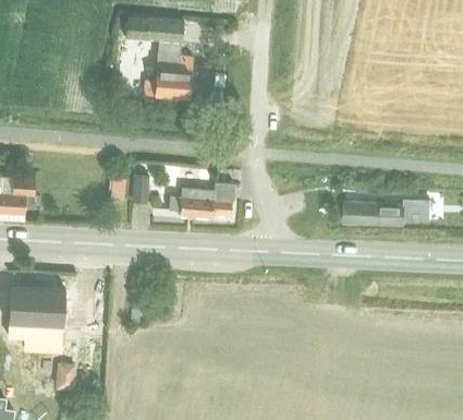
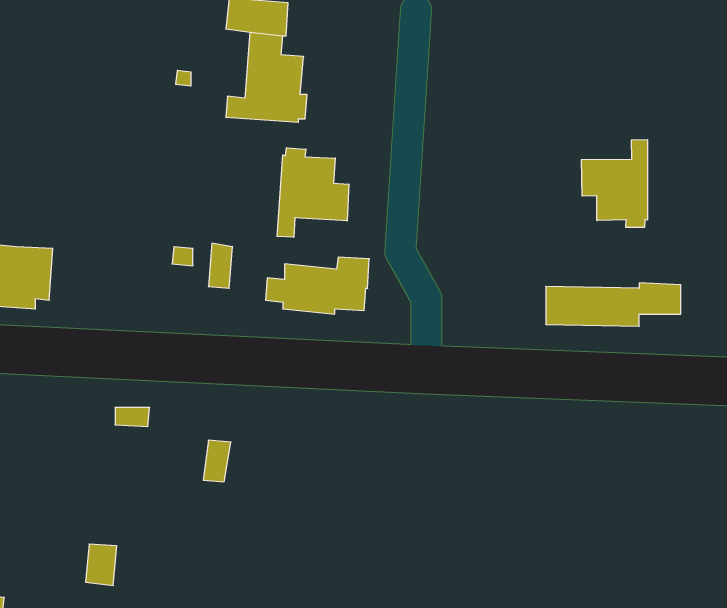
building: none -> [581,140,647,227]
building: none -> [277,148,349,237]
building: [8,285,64,350] -> none

